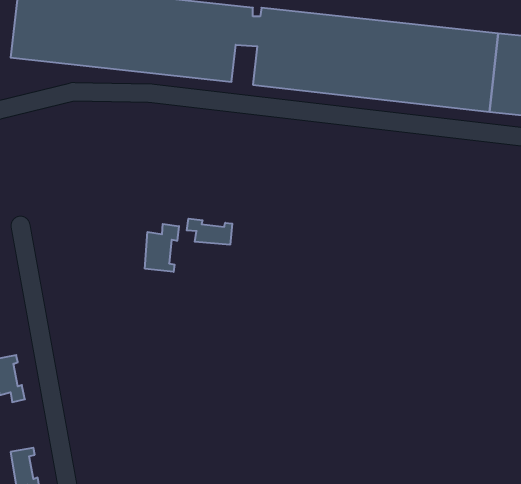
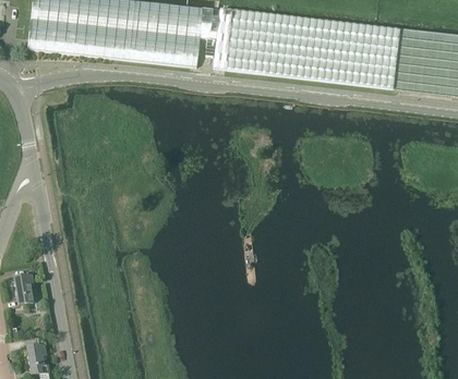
building: [187,219,232,245] -> none
building: [145,224,179,272] -> none

